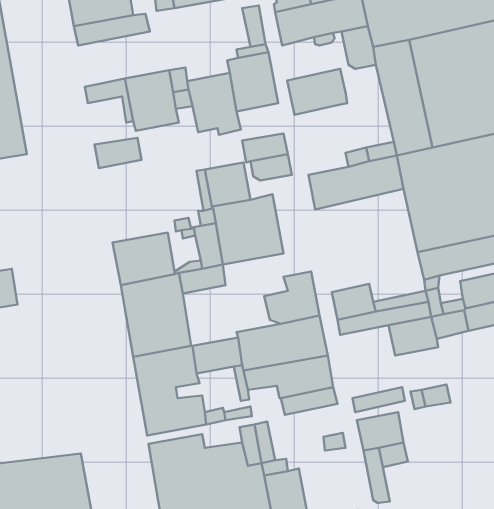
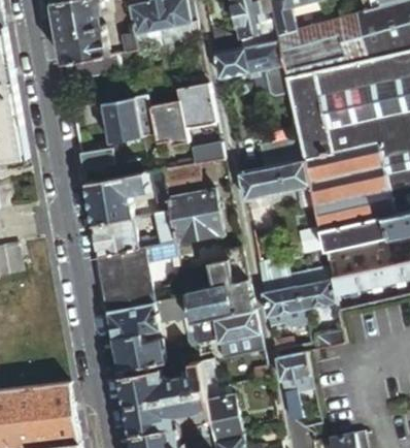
building: [287,69,347,115] -> none
building: none -> [86,174,149,226]
building: none -> [263,288,304,318]

